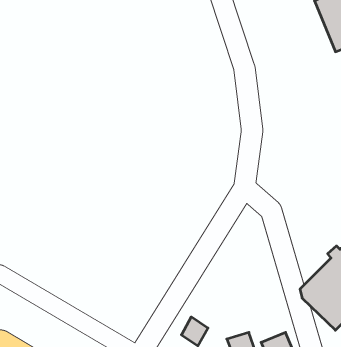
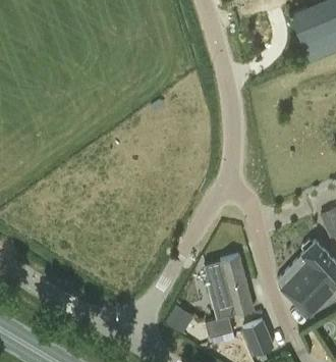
building: none -> [204,256,254,315]

